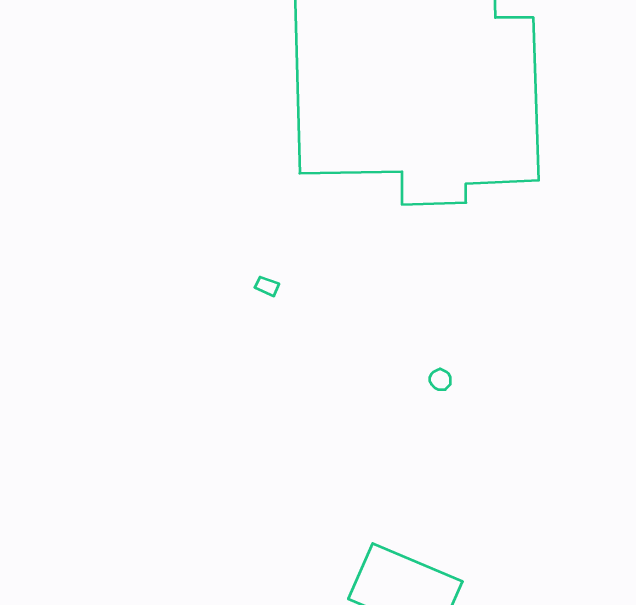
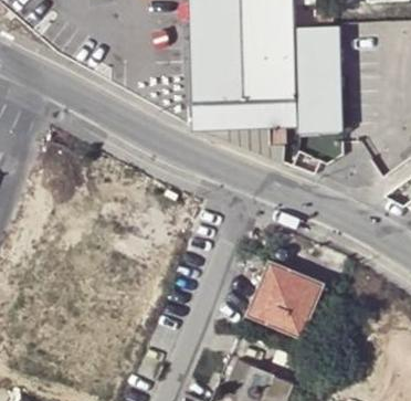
building: none -> [245,261,326,340]

